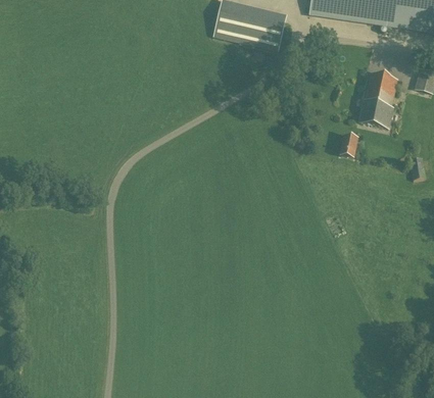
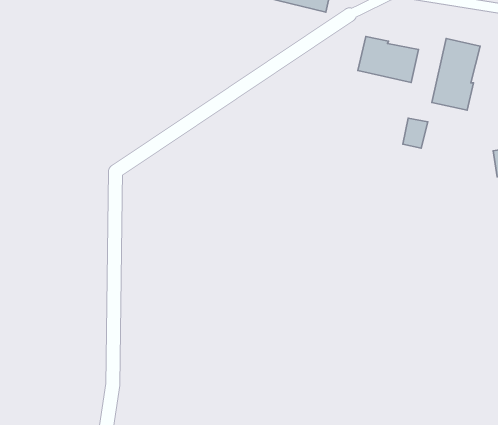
building: none -> [358,36,418,82]

